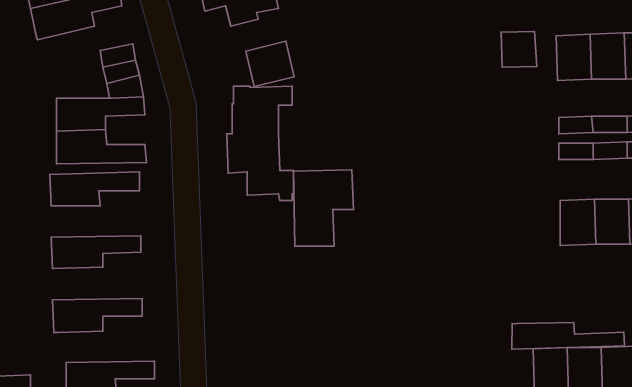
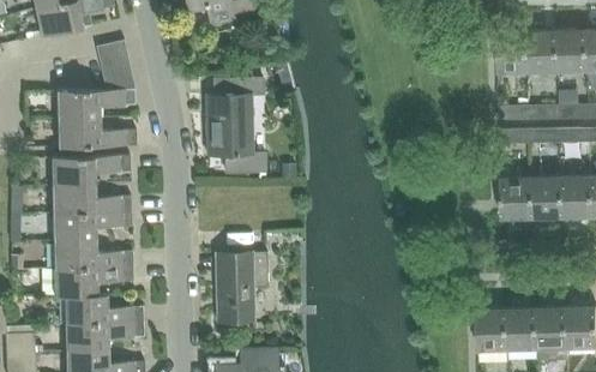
building: [501,32,537,67] -> none
building: [246,41,294,87] -> none
building: [293,170,353,246] -> [218,252,271,319]
building: none -> [53,184,132,211]
building: none -> [54,238,133,266]
building: [512,322,625,349] -> none
building: none -> [59,292,144,322]

